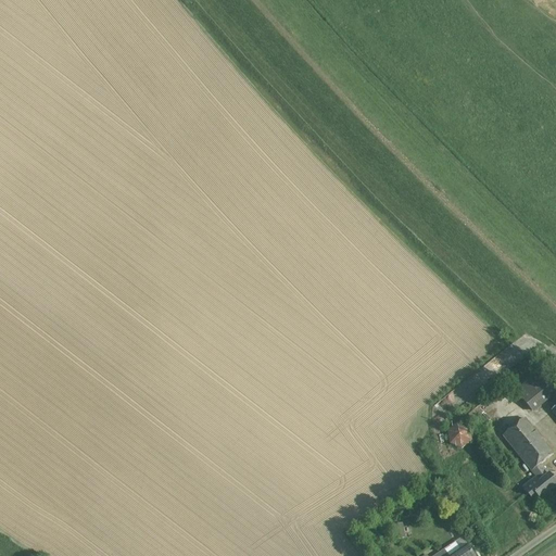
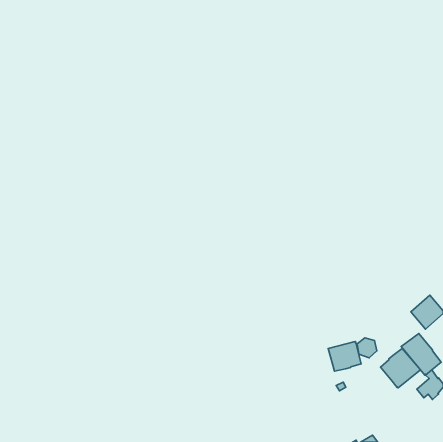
building: none -> [328,342,361,371]
building: none -> [381,348,420,388]

